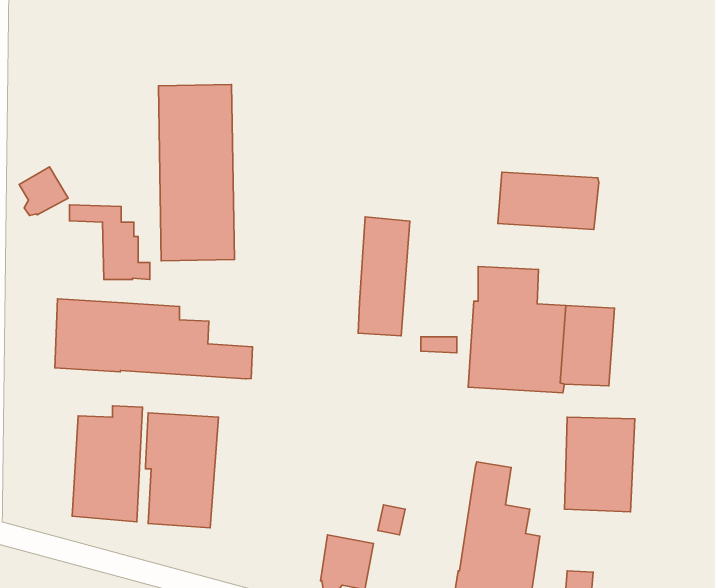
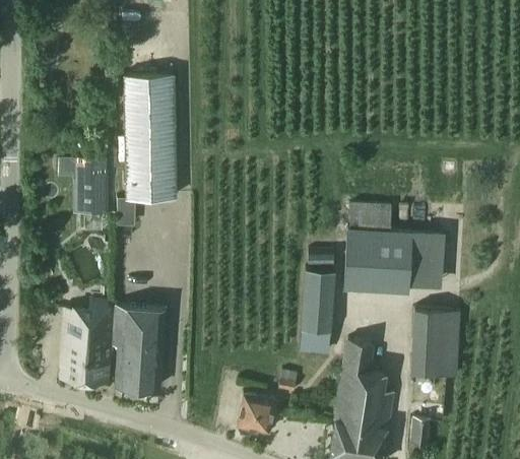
building: [19,167,68,215] -> none
building: [498,172,599,229] -> none
building: [358,217,410,336] -> [299,269,335,353]
building: [55,299,253,379] -> none

